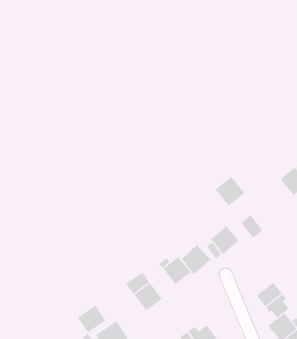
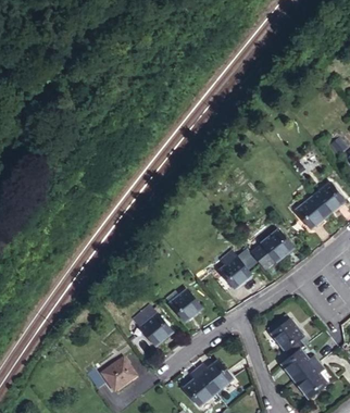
building: [215,176,245,206] -> [264,233,296,264]
building: [181,244,211,275] -> none
building: [77,305,106,333] -> none

